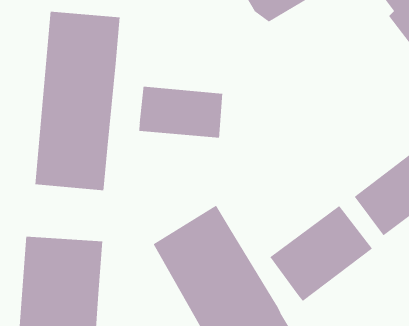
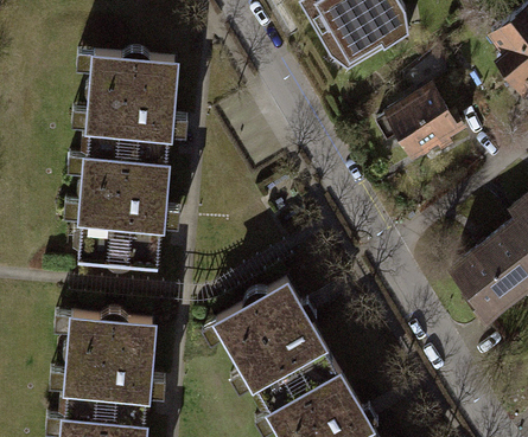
building: none -> [375,84,462,168]
building: [139,86,223,138] -> none
building: [269,205,373,302] -> none

